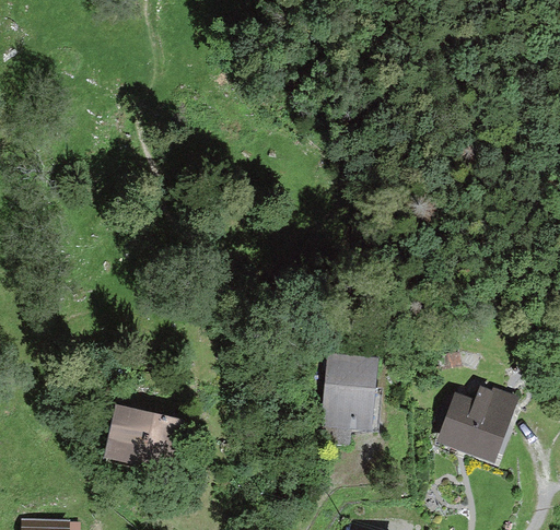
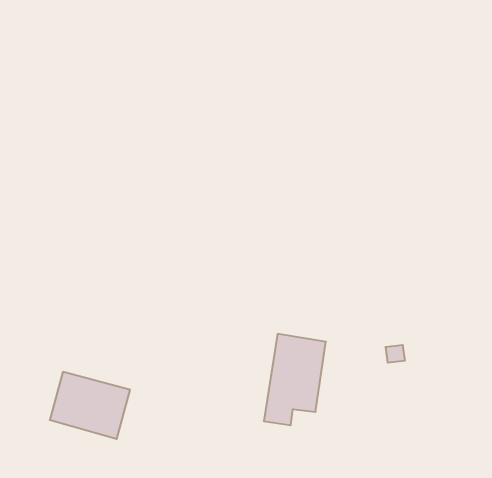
building: [436,387,516,462] -> none

